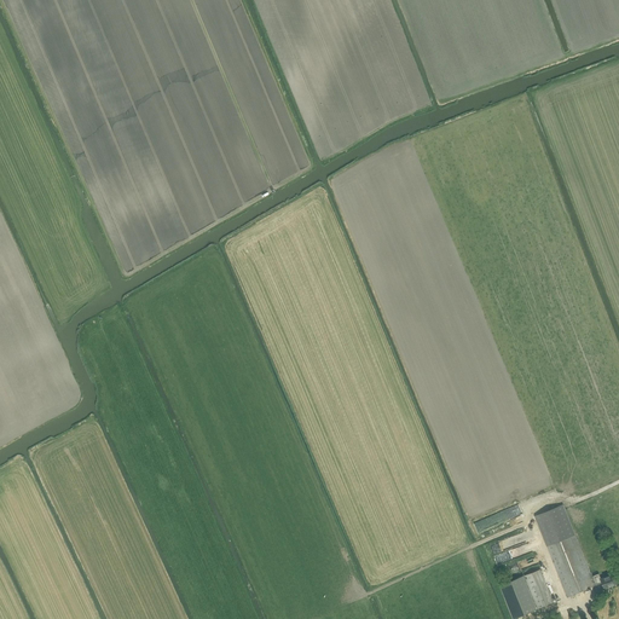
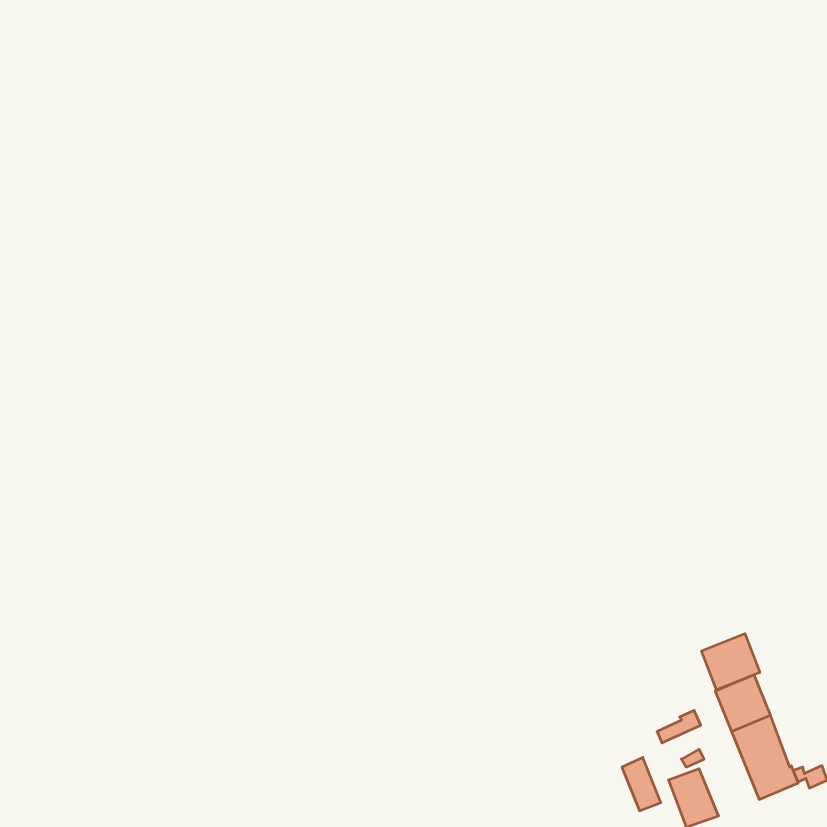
building: none -> [702,634,760,690]
building: [525,568,554,608] -> [622,757,661,811]

